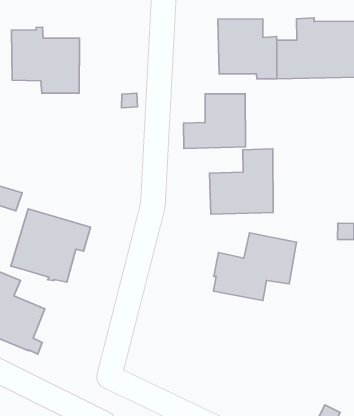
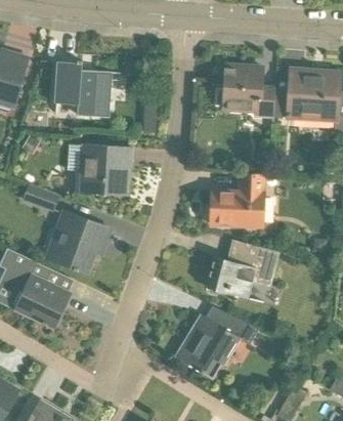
building: [183,94,246,149] -> none
building: none -> [74,143,131,196]
building: none -> [175,314,259,373]

